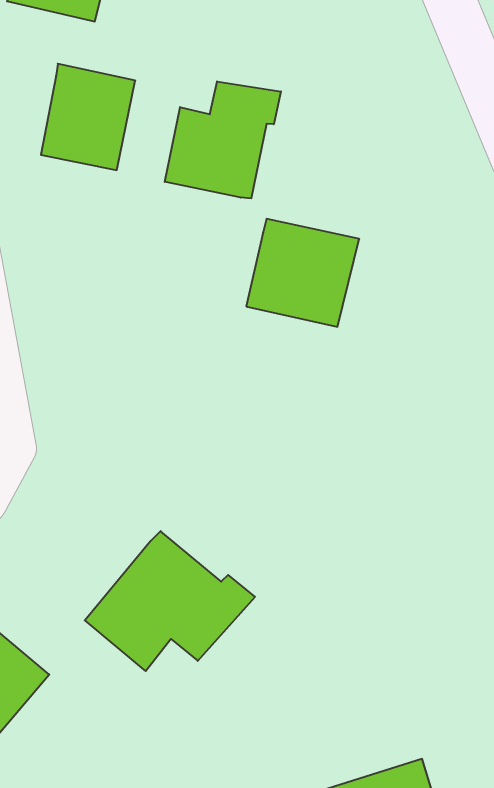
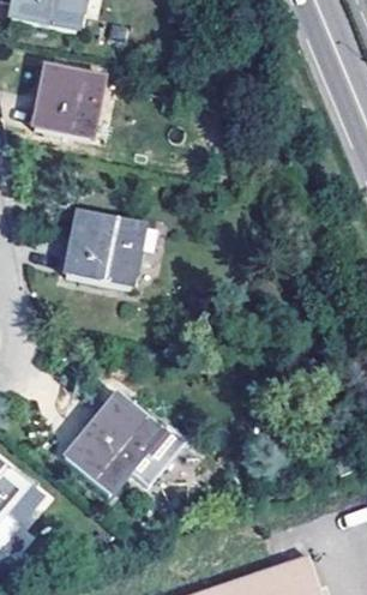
building: [165,81,281,198] -> none
building: [246,219,359,327] -> [64,210,144,287]

